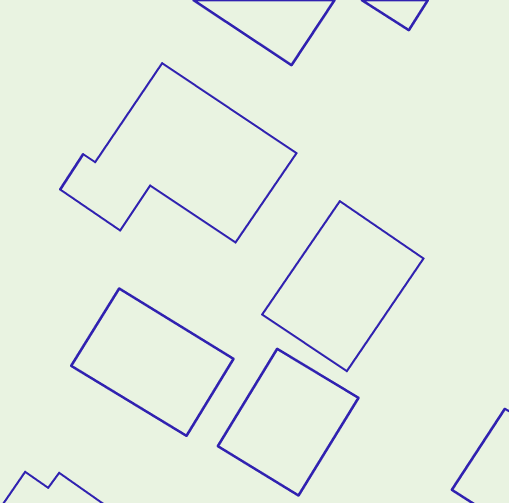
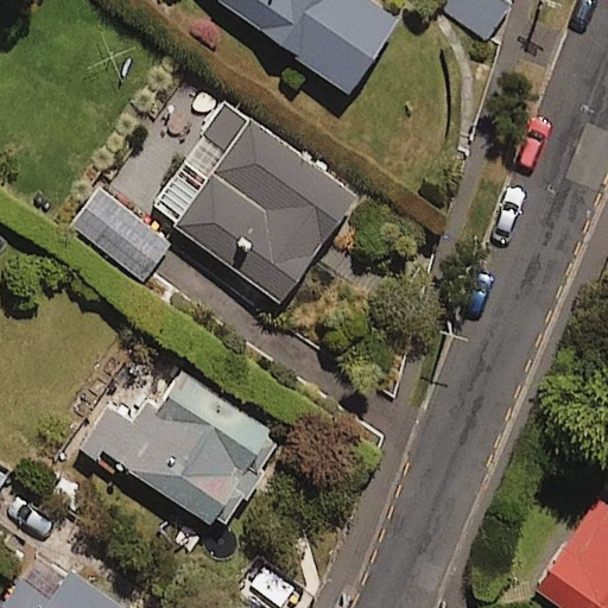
building: [262,201,423,371] -> none
building: [218,349,359,496] -> none

